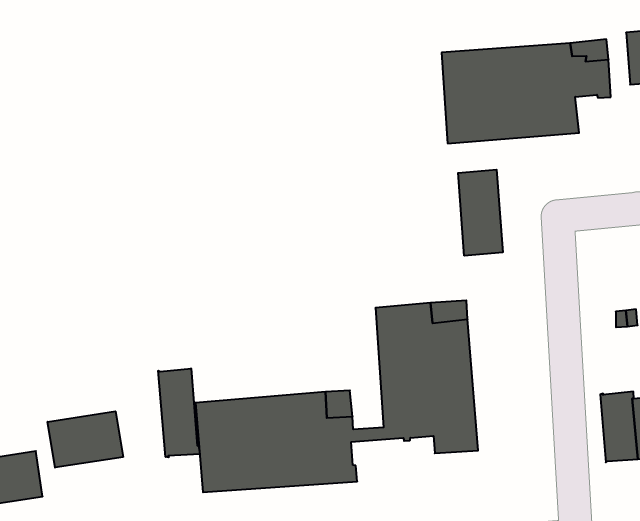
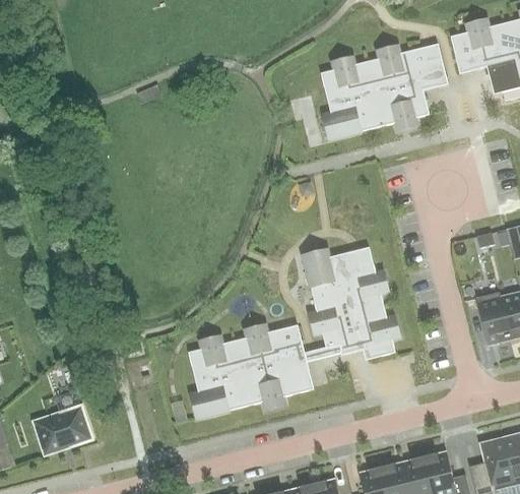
building: [458,170,503,256] -> none
building: [158,368,200,457] -> none
building: [48,411,123,468] -> none

